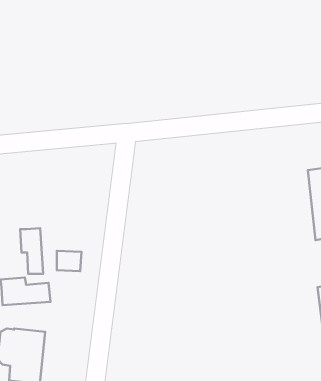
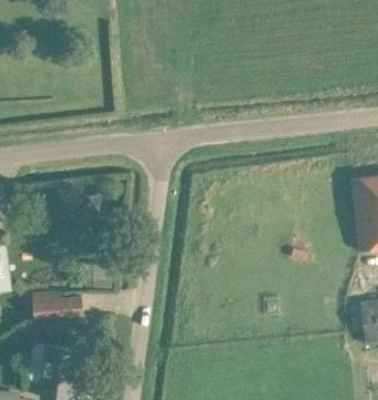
building: [20,228,43,274] -> none

